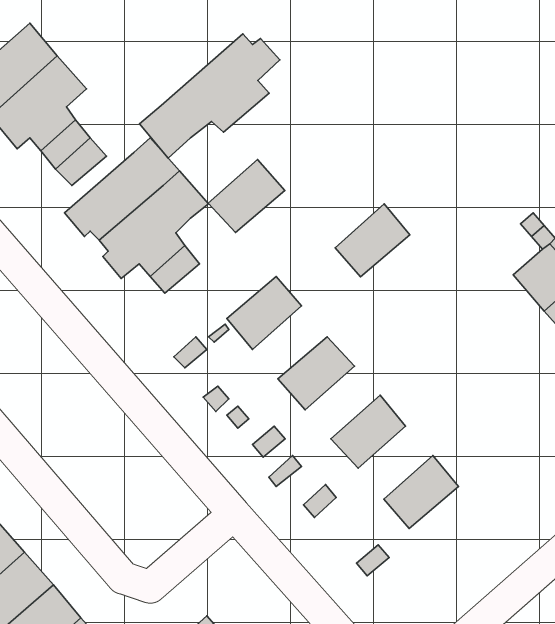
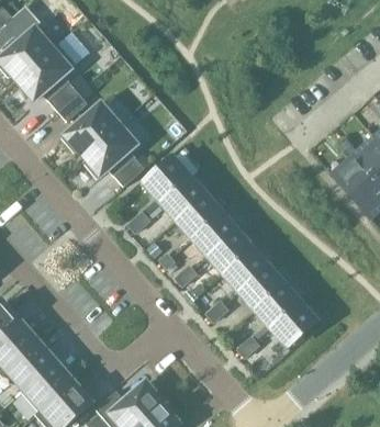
building: [139,34,280,158] -> none
building: [208,159,285,232] -> [144,157,190,201]
building: [335,204,410,277] -> [176,193,221,237]
building: none -> [208,229,253,273]
building: none -> [239,266,284,310]
building: none -> [270,302,316,346]

